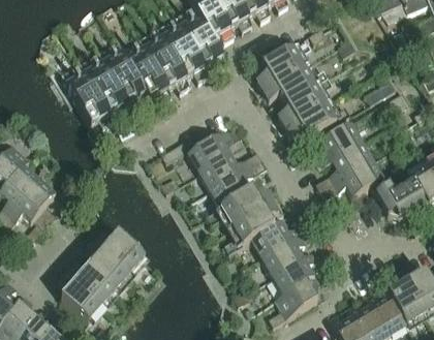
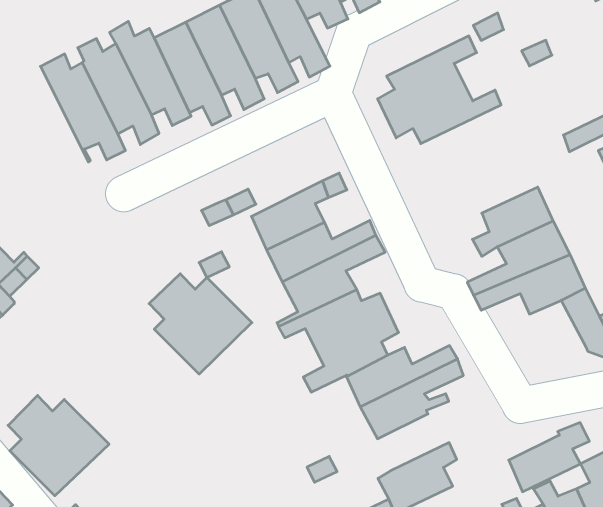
building: [278,78,350,140] -> none
building: [86,234,146,290] -> [149,274,252,374]
building: [272,250,317,292] -> [509,423,589,492]

